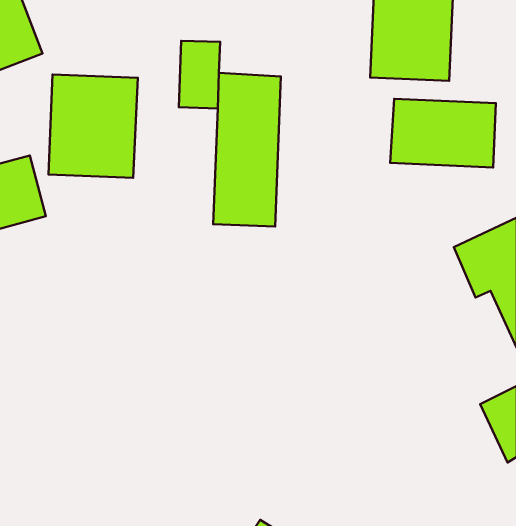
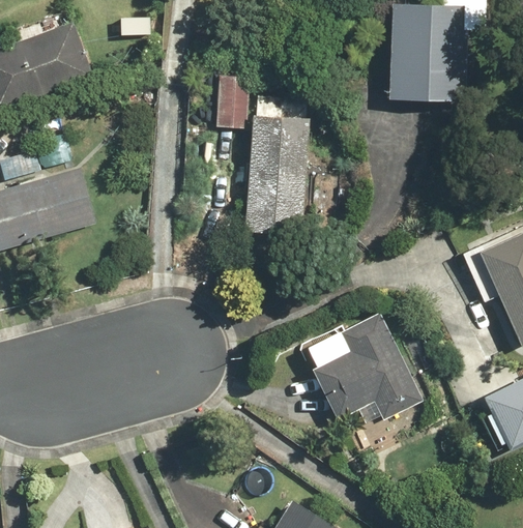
building: [49,75,138,178] -> none
building: [390,99,496,167] -> none
building: none -> [314,309,423,424]

